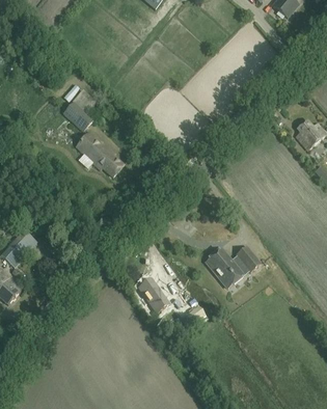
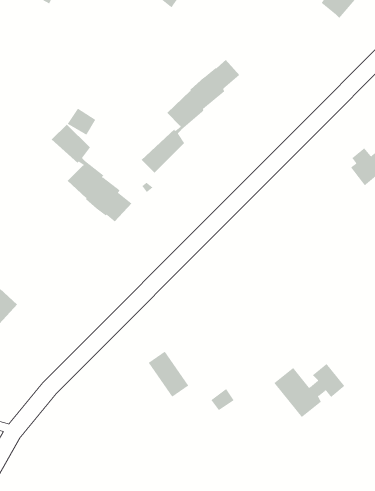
building: none -> [141,59,240,173]
building: [205,244,261,287] -> [274,363,345,418]

